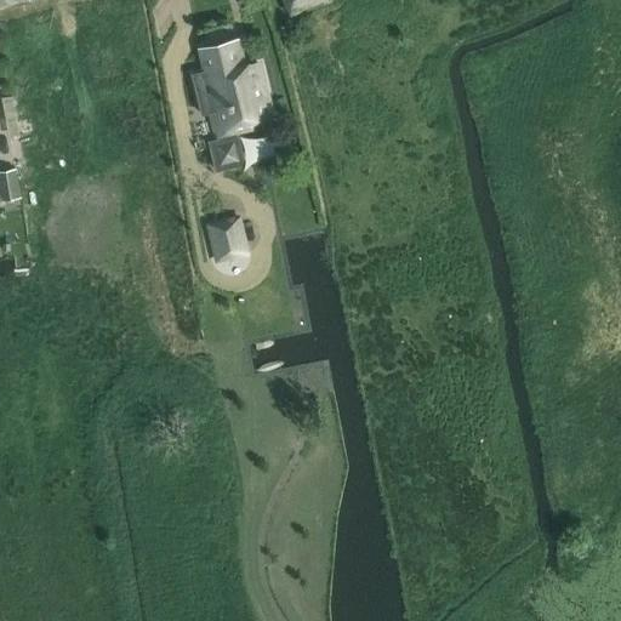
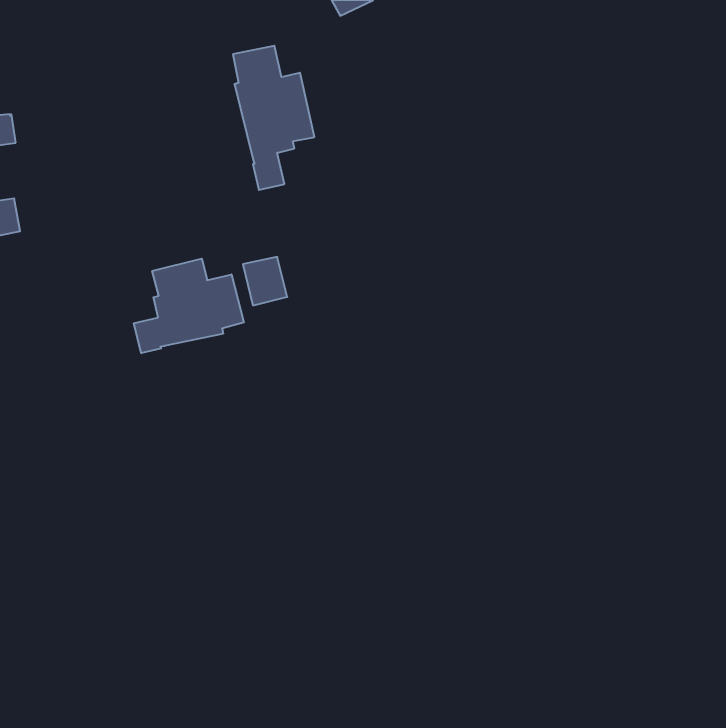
building: none -> [134,259,244,353]

